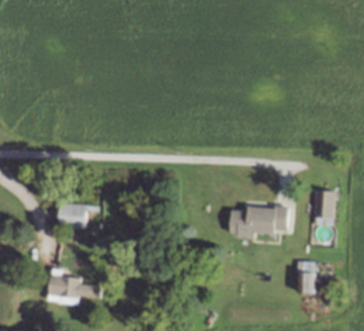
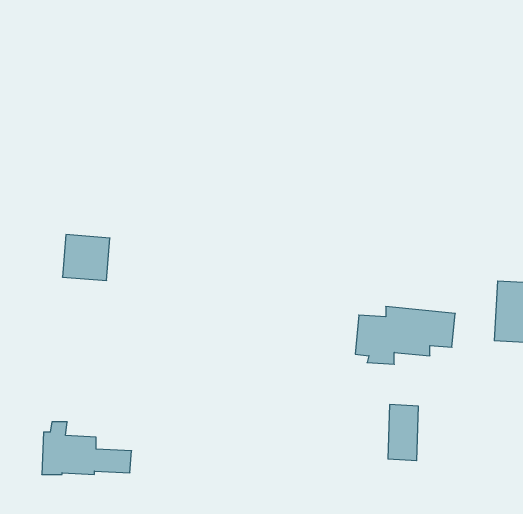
building: [60,200,88,228] -> [62,235,110,280]
building: [297,261,315,295] -> [388,405,418,461]

